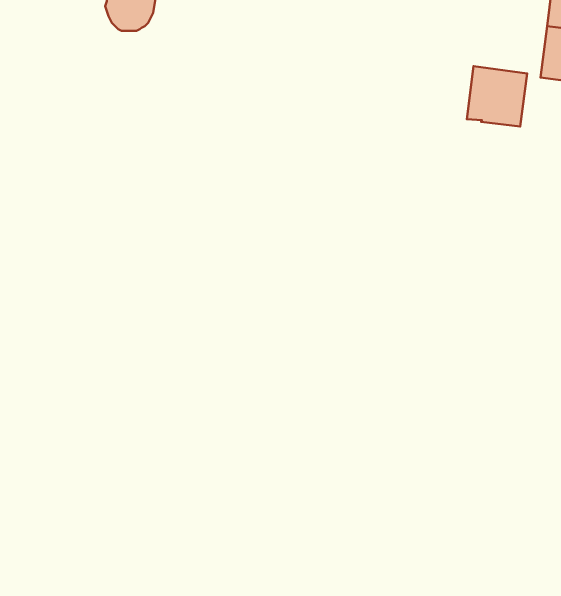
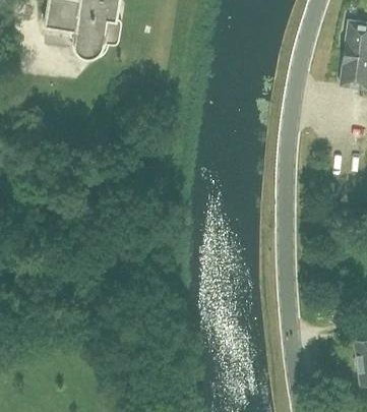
building: [467,66,527,126] -> none

